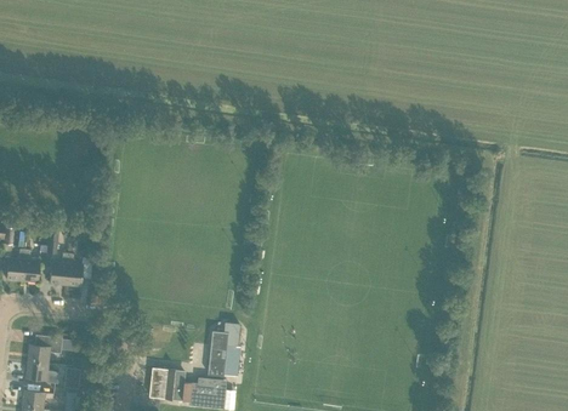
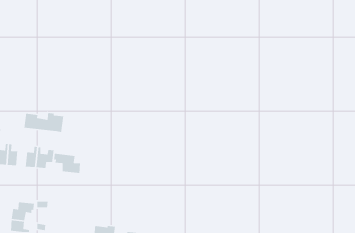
building: none -> [24,112,64,133]
building: none -> [53,153,81,174]
building: [209,324,240,377] -> none

